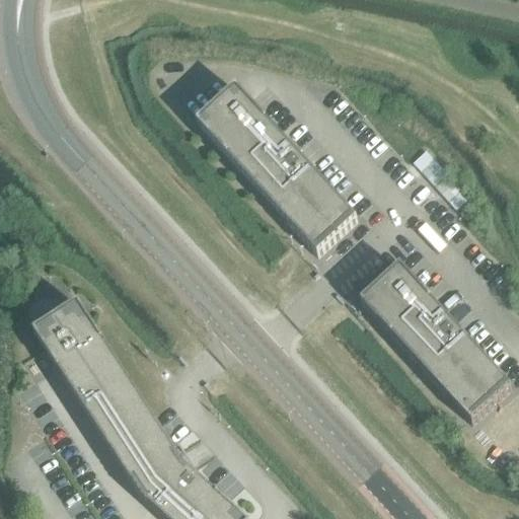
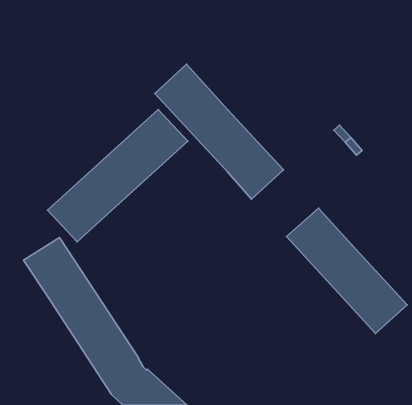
building: none -> [48,109,188,242]

